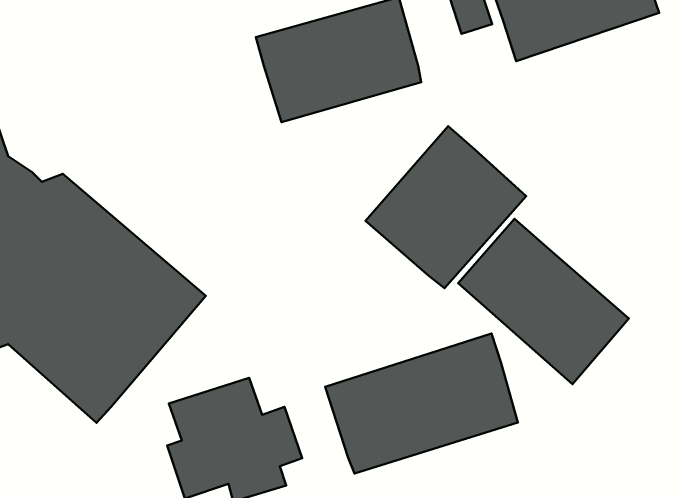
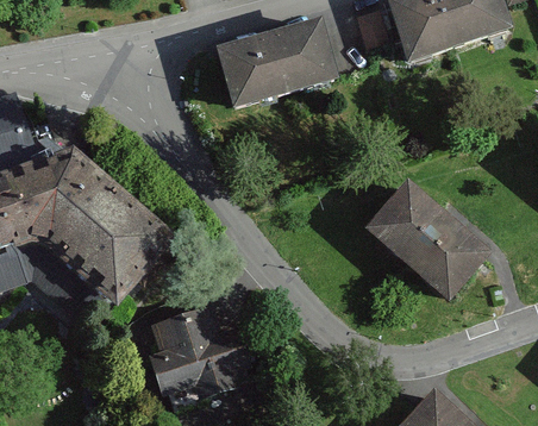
building: [366,126,526,288] -> none
building: [325,333,518,474] -> none

